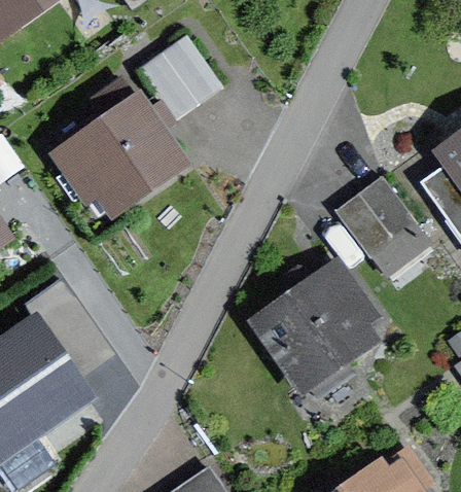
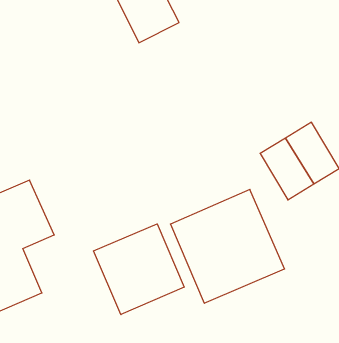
building: [48,96,181,223] -> none
building: none -> [94,224,184,315]

